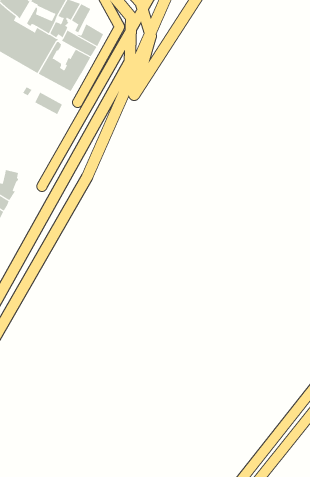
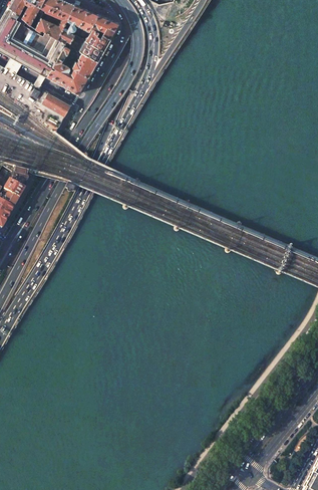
building: none -> [90,14,118,38]

